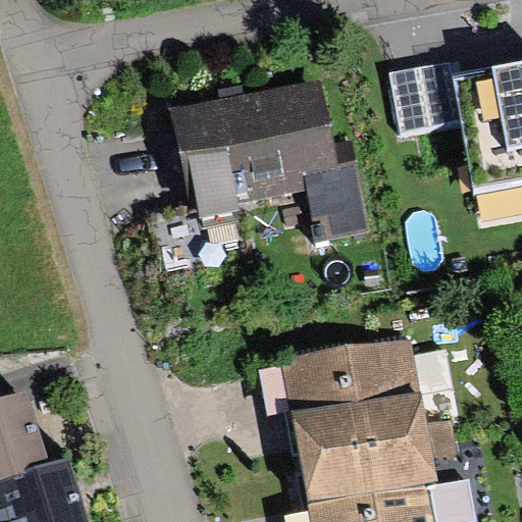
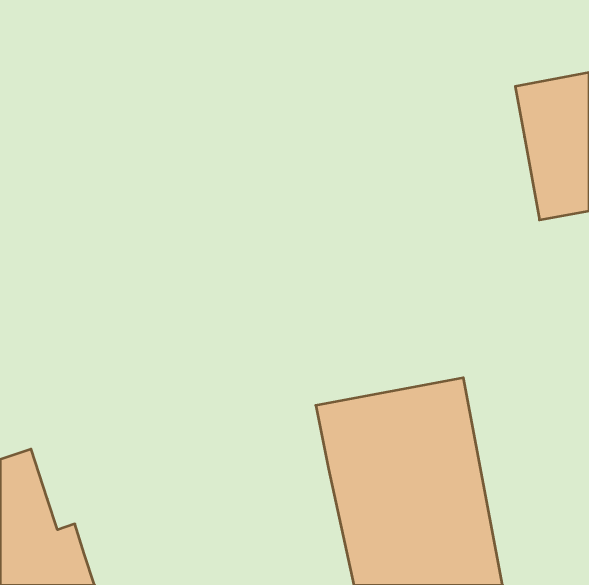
building: [392,64,464,133] -> none
building: [170,83,370,241] -> none

